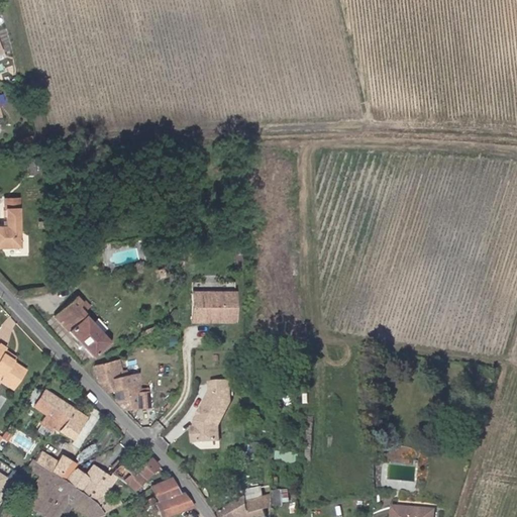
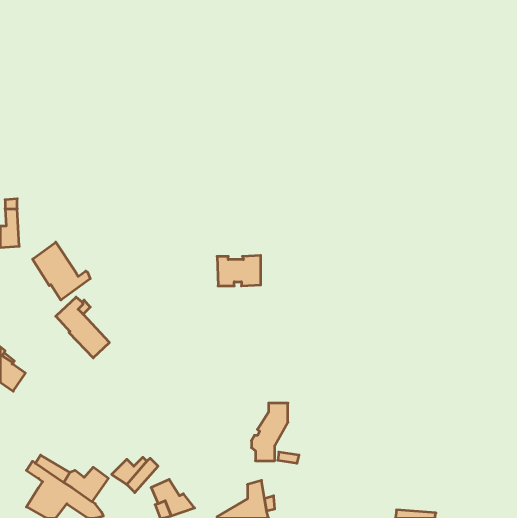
building: none -> [33,242,90,300]
building: [193,292,236,322] -> [217,255,261,286]
building: [96,359,150,410] -> none
building: [196,384,232,441] -> [251,403,288,461]
building: [35,391,86,437] -> none

